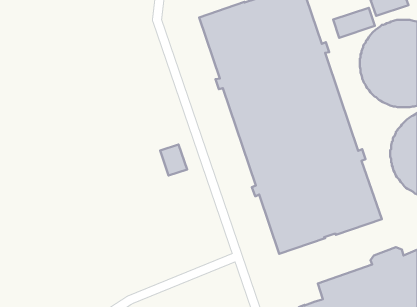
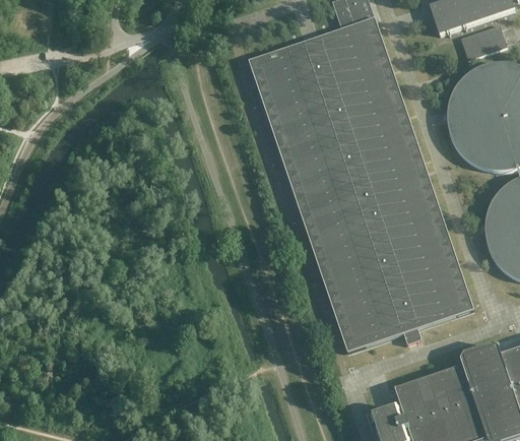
building: [333,8,375,38] -> none
building: [160,145,187,176] -> none

